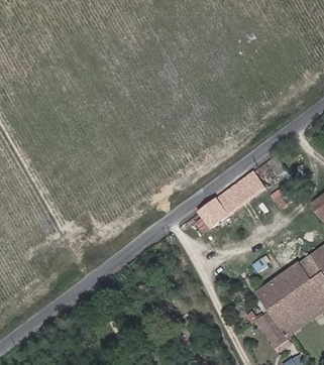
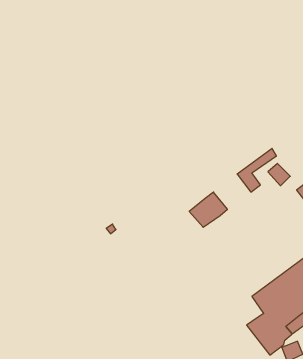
building: [217,181,252,215] -> none

